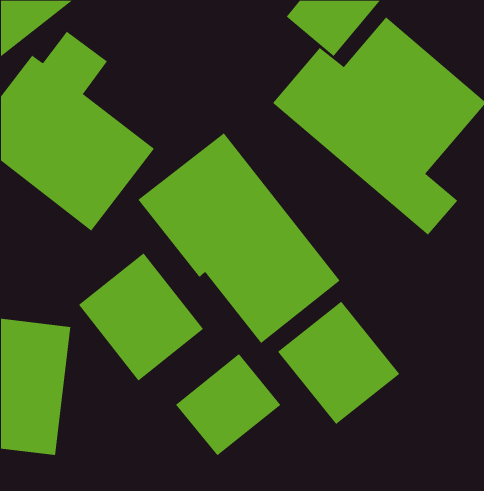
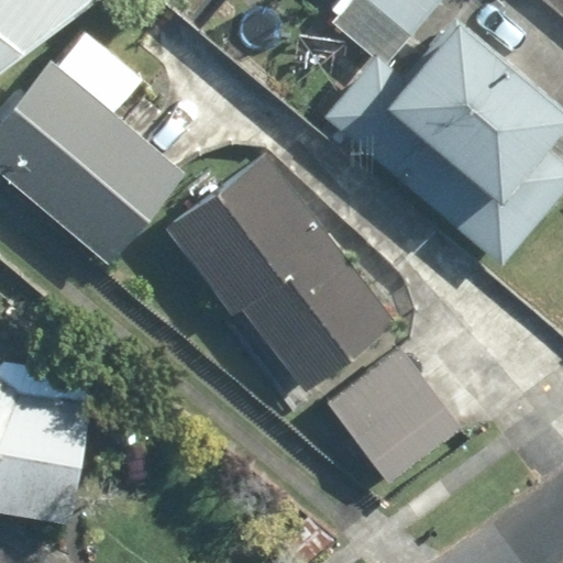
building: [78,252,204,381] -> none
building: [175,353,281,456] -> none

